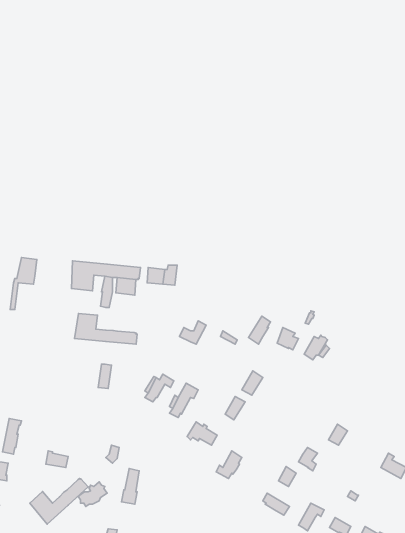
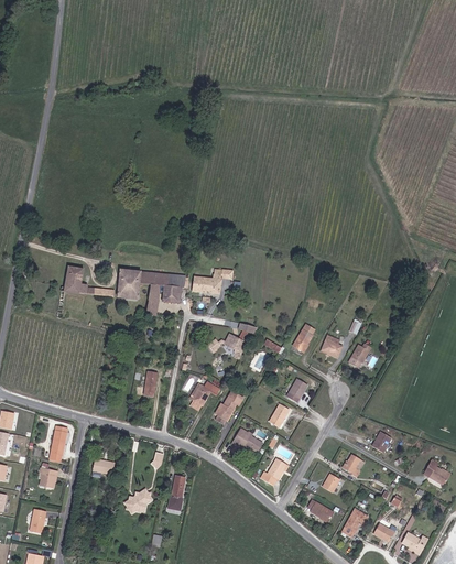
building: [75,314,137,344] -> none
building: [30,478,88,524] -> none

